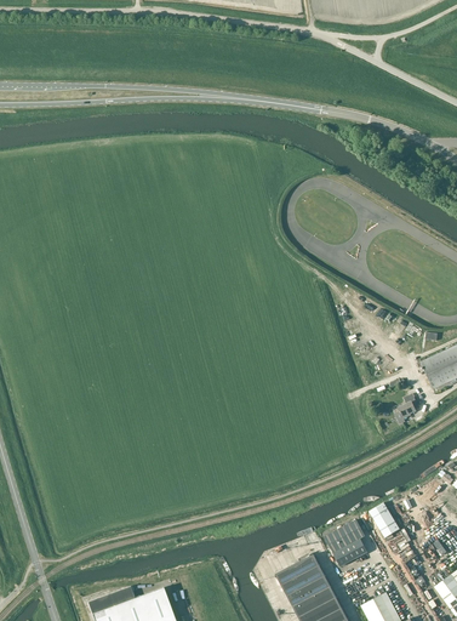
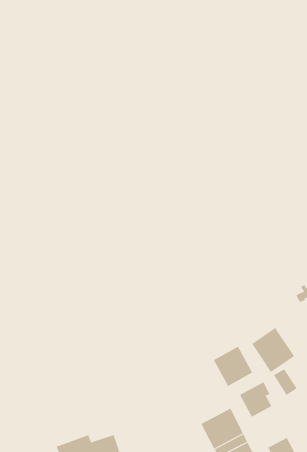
building: none -> [251,327,295,373]
building: none -> [213,346,253,387]

